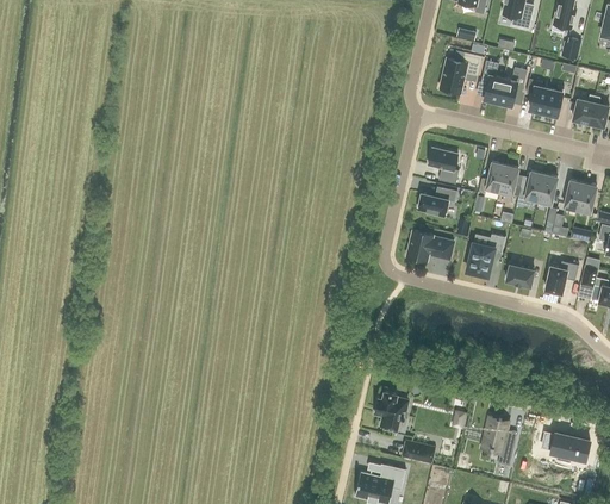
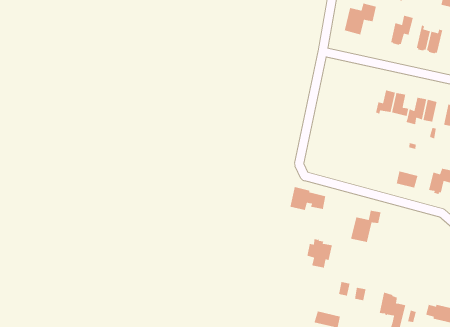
building: [480,61,503,104] -> none
building: [428,147,459,180] -> none
building: [417,189,455,219] -> none
building: [406,230,453,261] -> [289,186,326,211]
building: [466,235,505,276] -> [350,210,382,243]
building: [374,392,407,430] -> [306,238,333,269]

